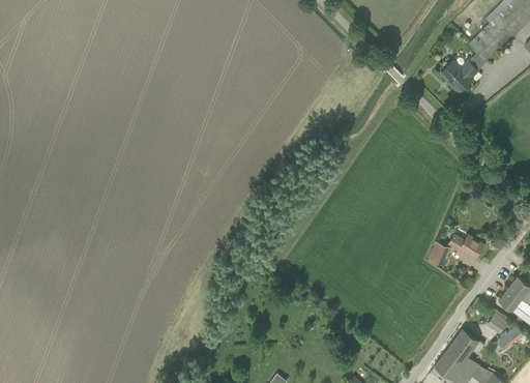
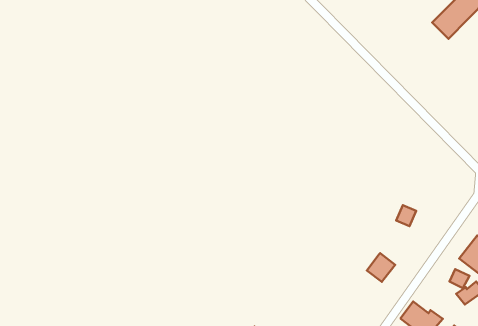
building: [441,60,478,92] -> none
building: [449,234,483,259] -> none
building: [448,328,479,359] -> [367,253,395,282]

